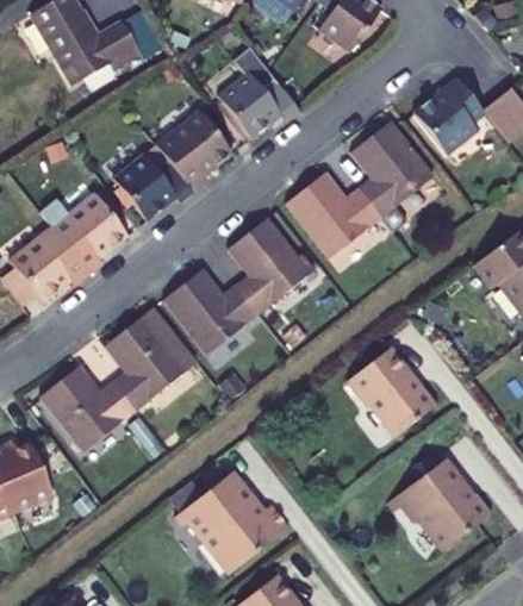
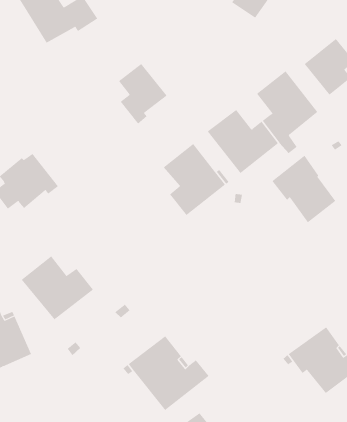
building: [218,71,299,138] -> none
building: [113,154,194,220] -> none
building: [55,193,129,274] -> none
building: [163,269,259,354] -> none
building: [105,307,197,411] -> none
building: [348,345,434,436] -> [272,155,336,223]

